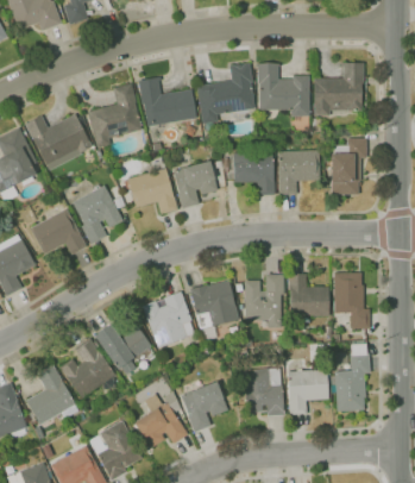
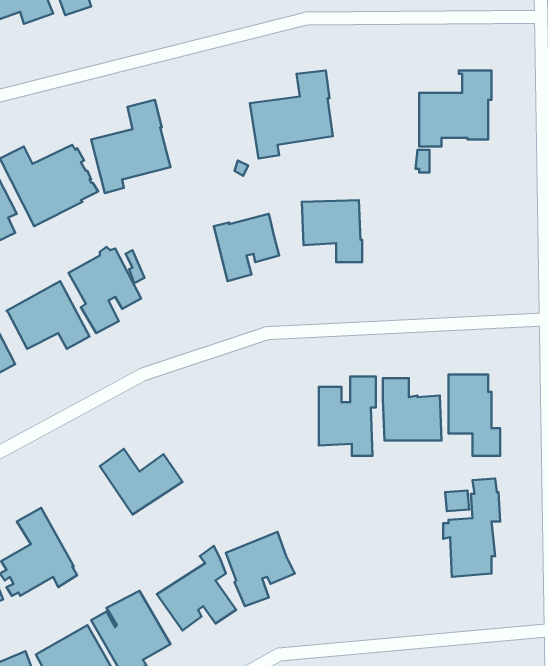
building: [257,64,309,117] -> none
building: [138,76,196,126] -> none
building: [331,138,367,196] -> none
building: [277,150,320,195] -> none
building: [127,168,178,214] -> none
building: [189,281,239,340] -> none
building: [142,291,195,349] -> none
building: [59,338,115,399] -> none
building: [243,368,284,416] -> none
building: [288,369,328,415] -> none

